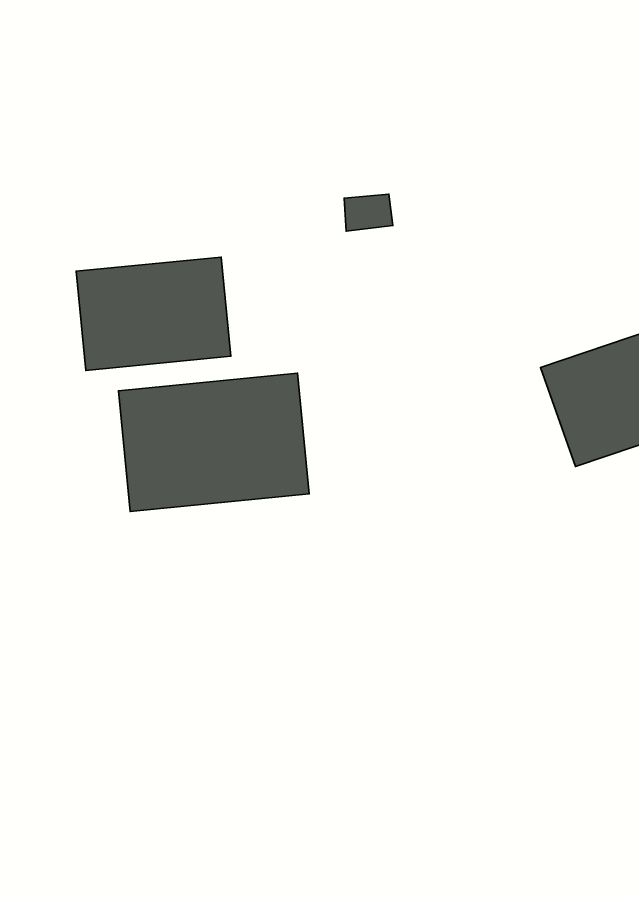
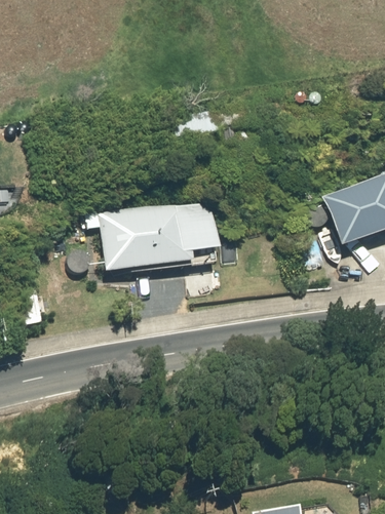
building: [76,257,231,370] -> none

